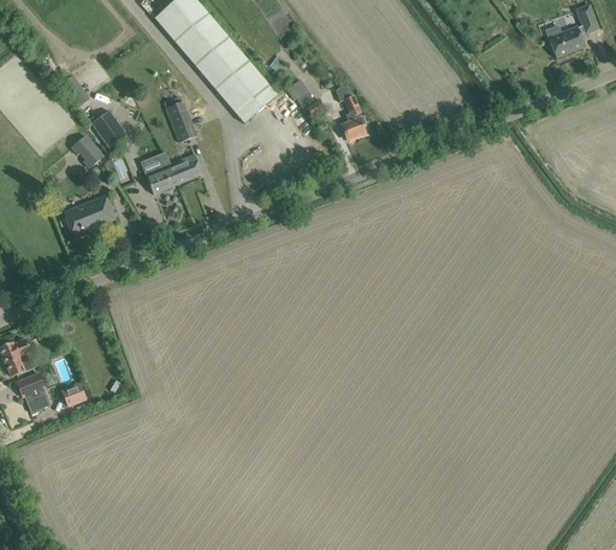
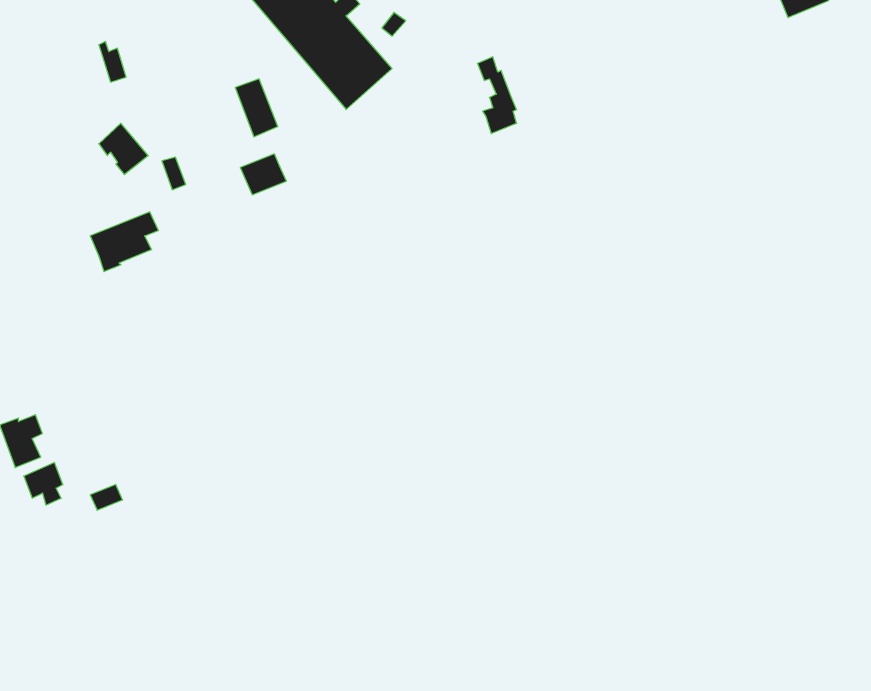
building: [288,79,324,117] -> none
building: [91,111,126,148] -> none
building: [144,152,178,194] -> none

